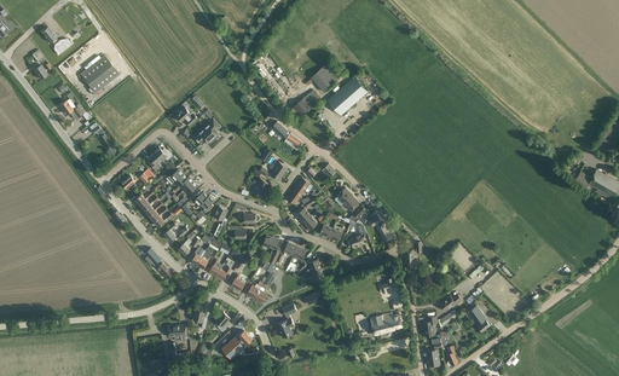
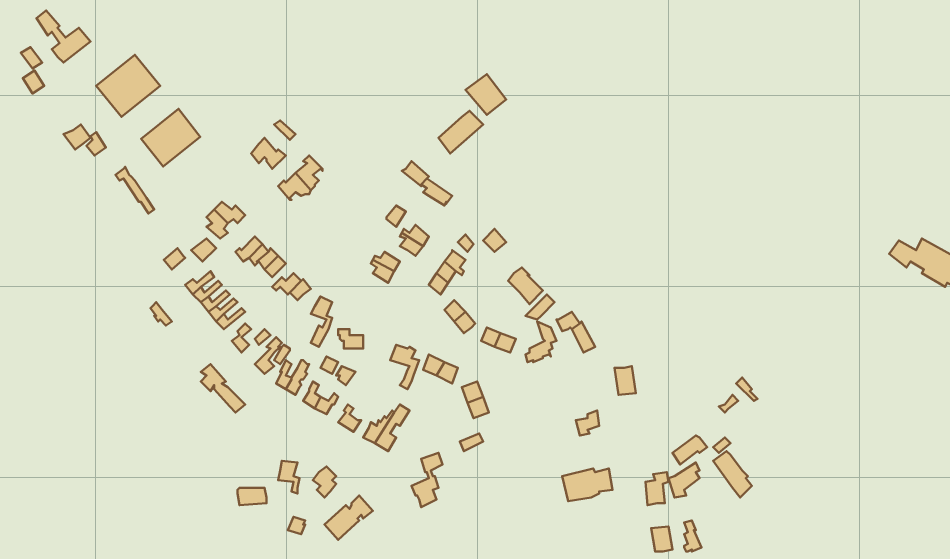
building: [326,76,366,115] -> none
building: none -> [141,109,200,166]

